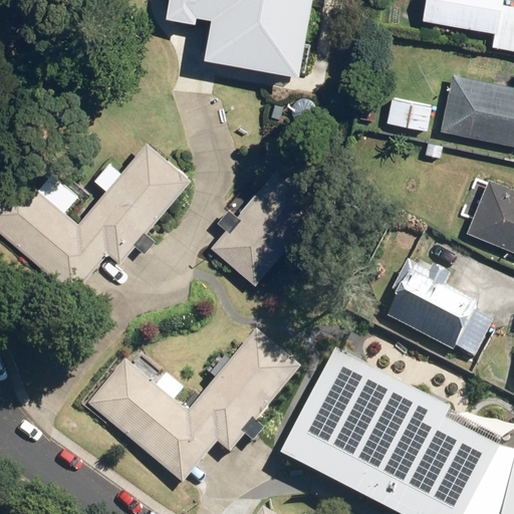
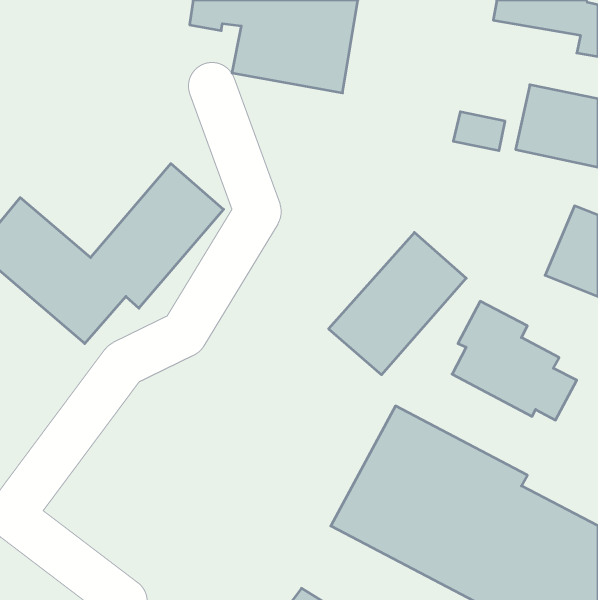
building: [210,167,327,288] -> [329,232,466,375]
building: [94,325,306,479] -> none

